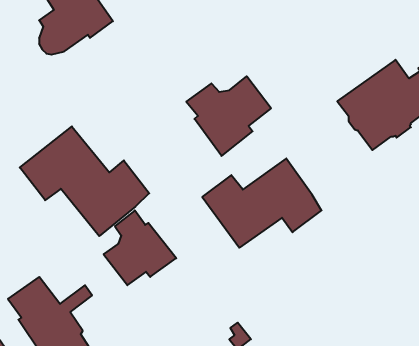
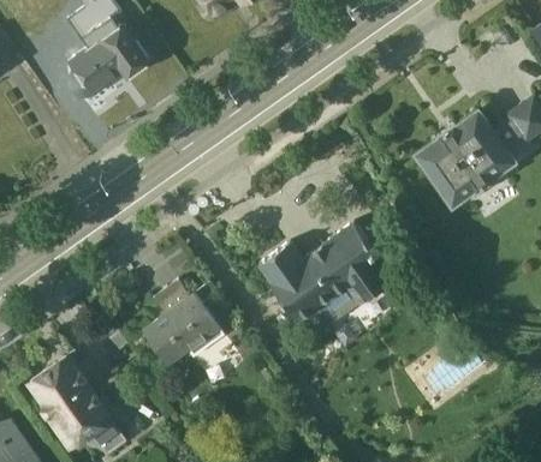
building: [186,76,271,156] -> none
building: [20,126,149,236] -> none

